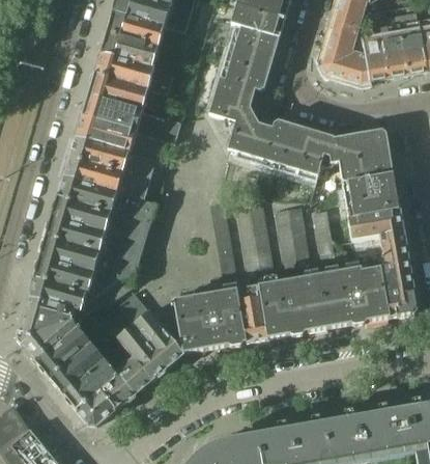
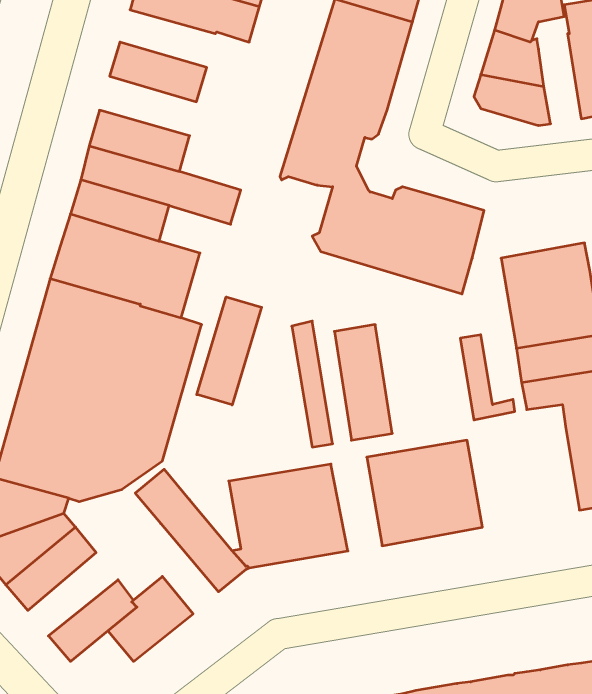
building: [106,9,164,45] -> none
building: [360,24,386,79] -> none
building: [93,50,173,91] -> none
building: [320,127,389,163] -> none
building: none -> [197,297,262,405]
building: [275,203,309,266] -> none
building: [317,264,385,325] -> none
building: [234,282,265,339] -> none
building: [116,323,166,378] -> none
building: [50,340,105,391] -> none
building: [76,388,114,422] -> none

